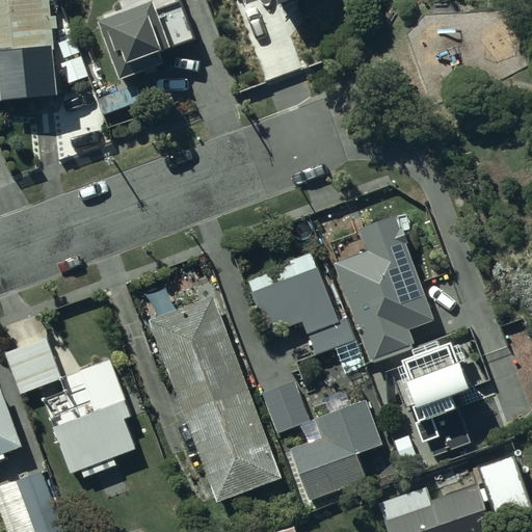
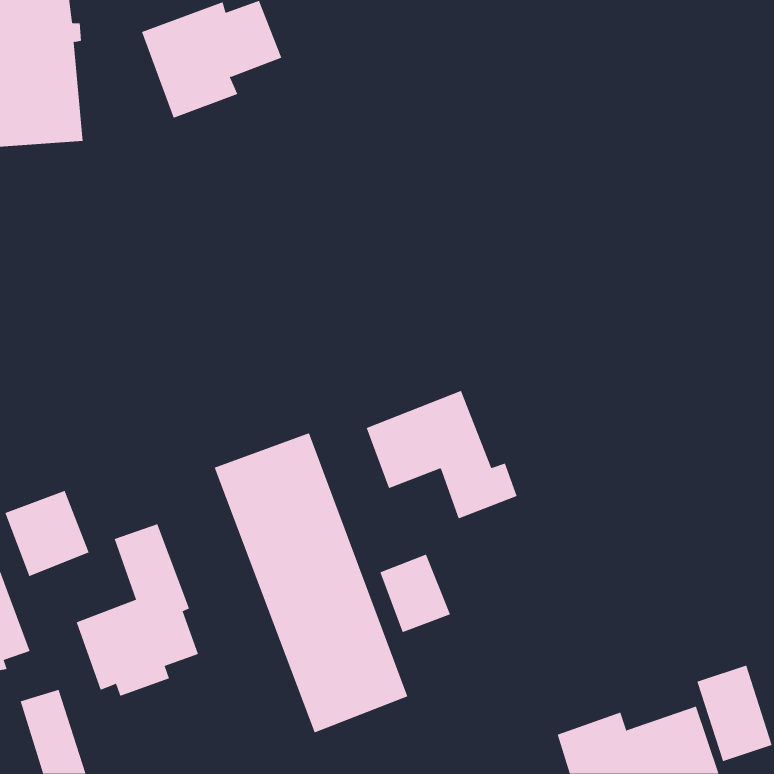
building: [332,215,433,363] -> none
building: [402,356,471,456] -> none
building: [289,399,380,500] -> none

